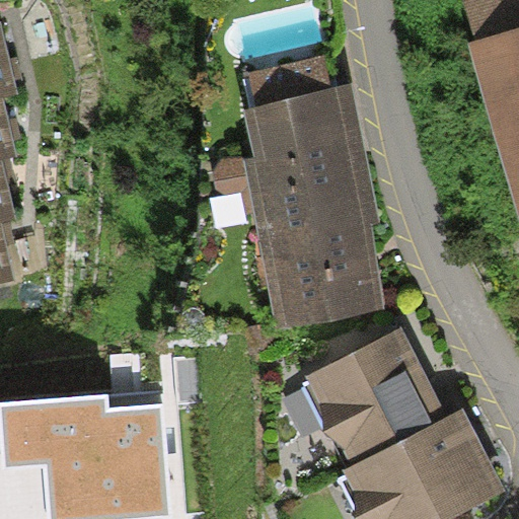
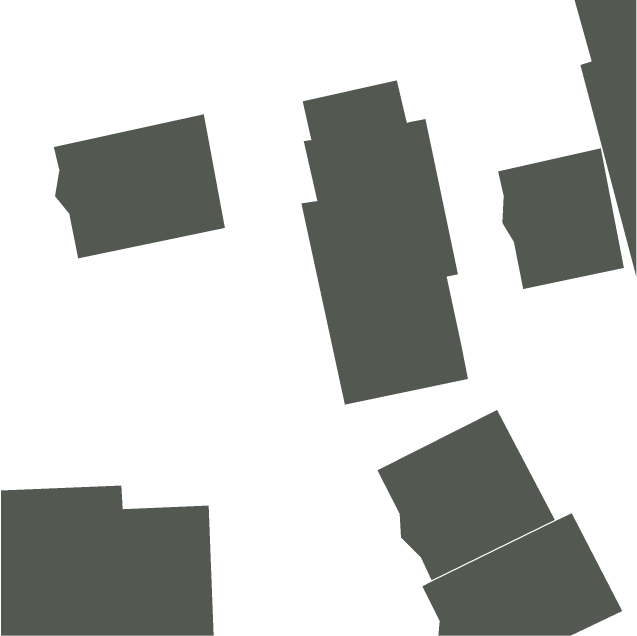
building: none -> [53,114,225,259]
building: none -> [497,147,624,290]

